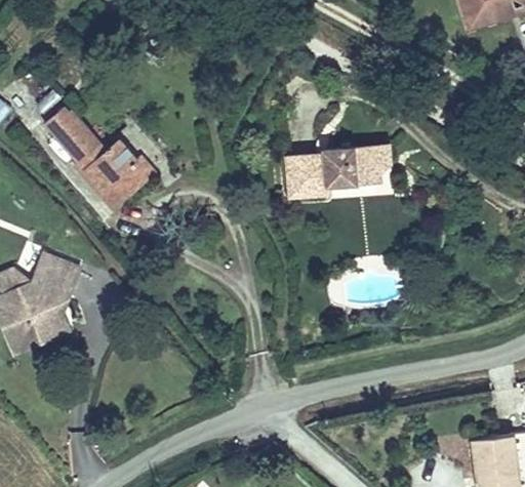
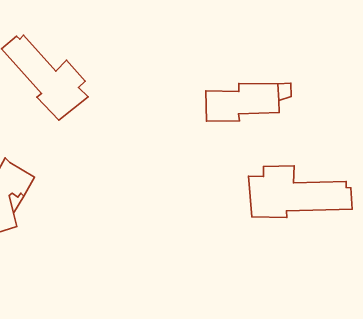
building: none -> [249,166,352,217]

